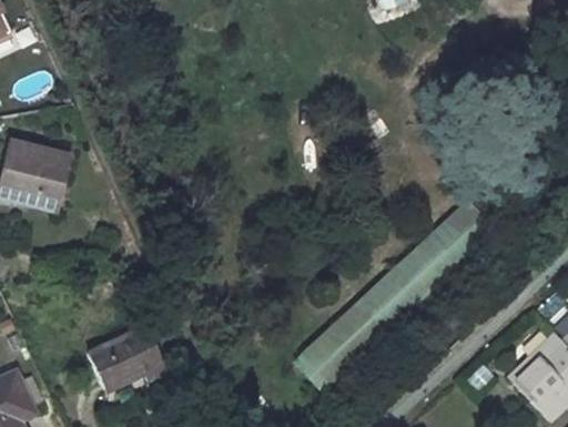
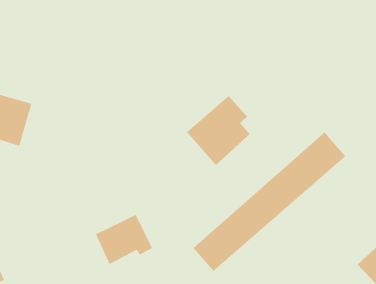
building: none -> [186,95,251,166]
building: [87,324,164,392] -> [95,214,153,265]

